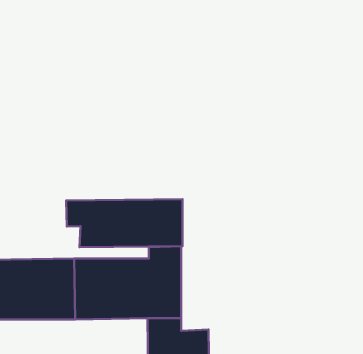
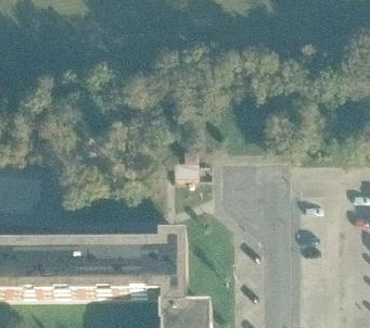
building: [66,199,183,247] -> none

